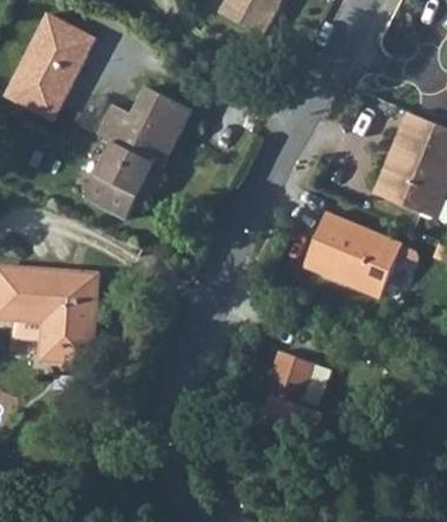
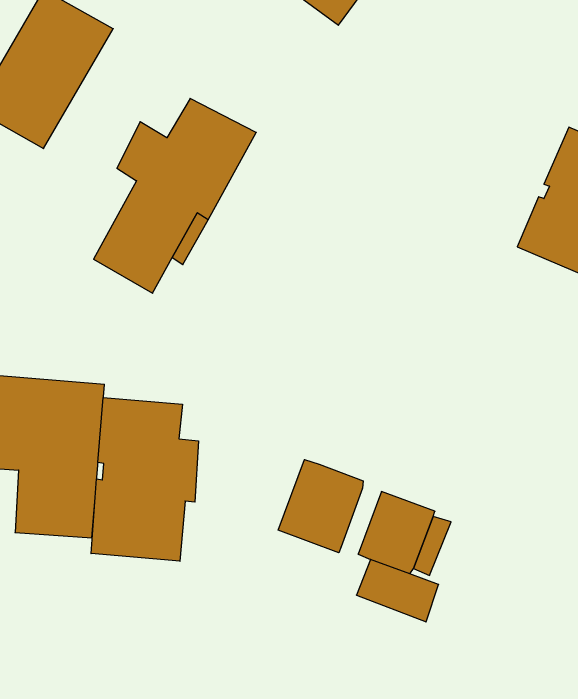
building: [298,207,397,293] -> none
building: none -> [91,398,198,561]
building: none -> [278,460,363,553]

